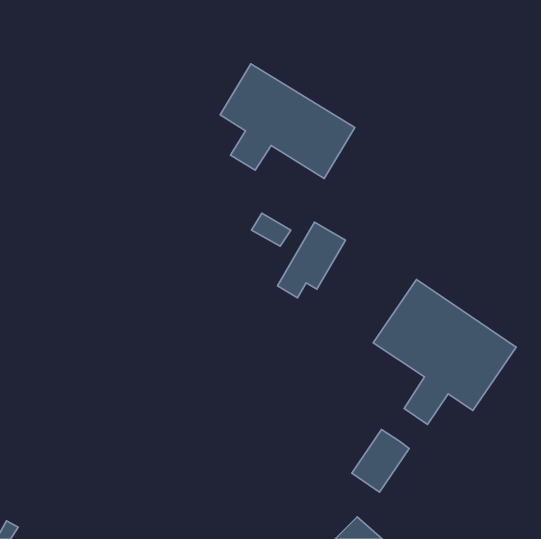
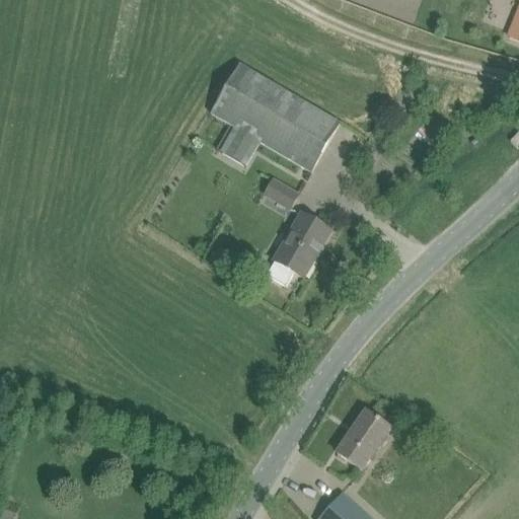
building: [251,213,291,246] -> [261,177,298,209]
building: [373,280,516,424] -> none

